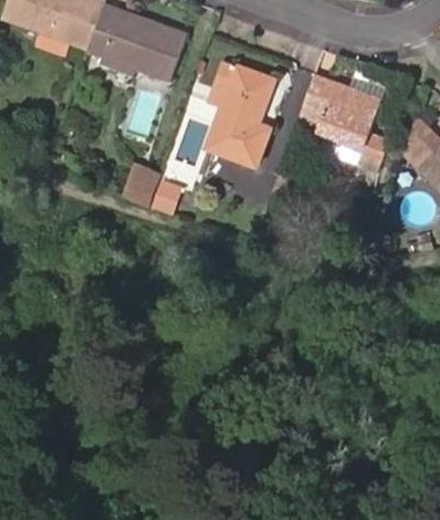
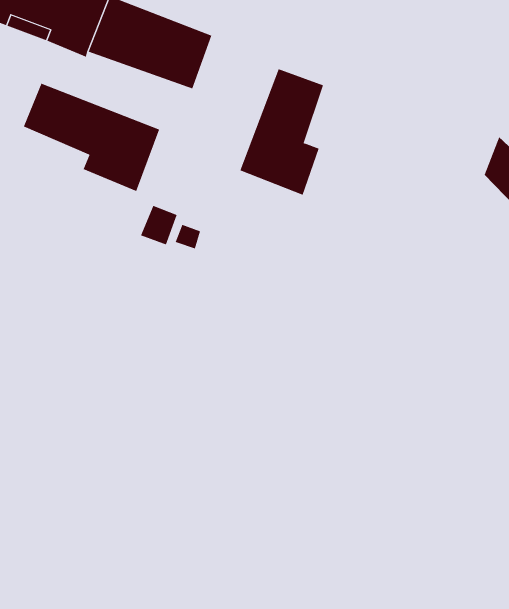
building: none -> [23,83,160,192]
building: [304,76,380,146] -> none

